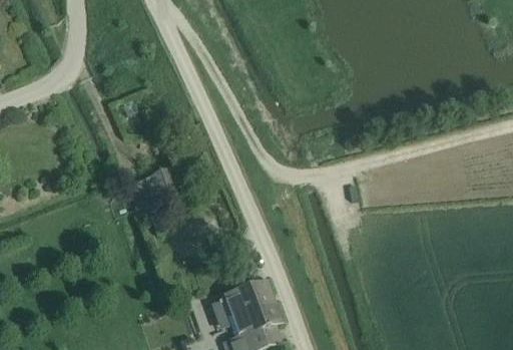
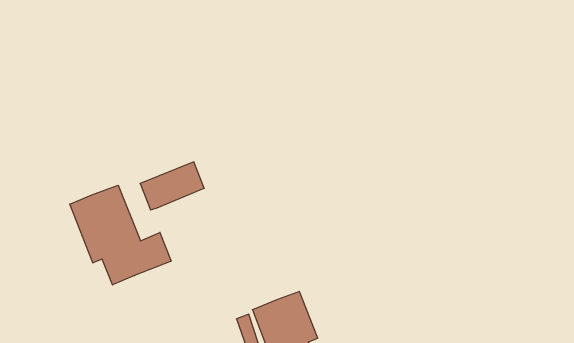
building: none -> [70,185,171,285]

